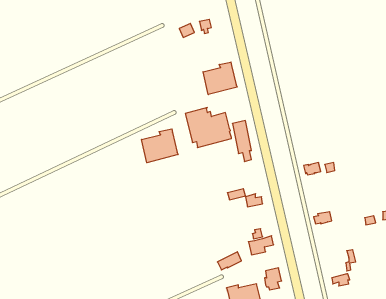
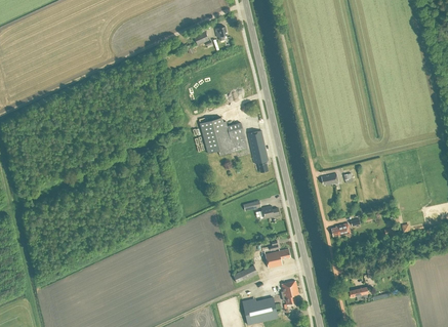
building: [203,62,237,95] -> none
building: [142,129,178,163] -> none

